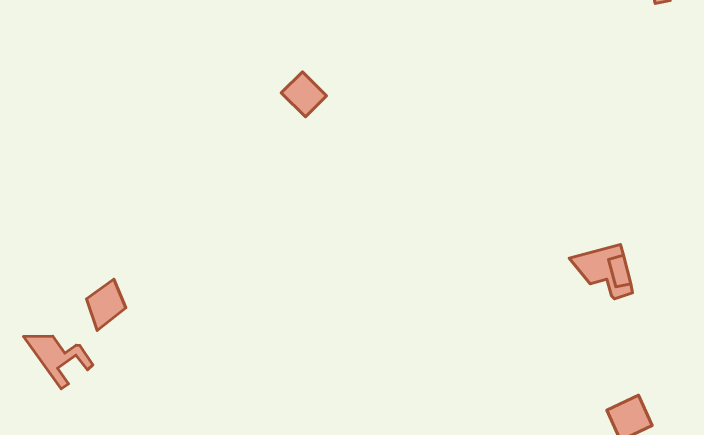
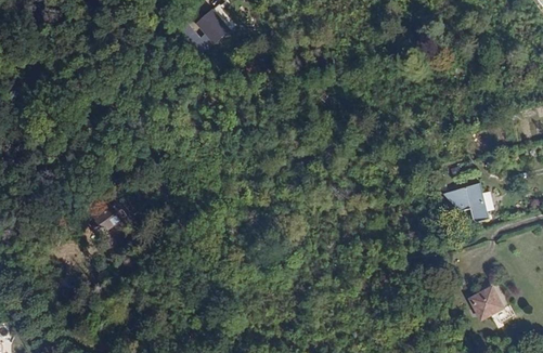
building: [281,72,327,117] -> [193,13,225,45]
building: [23,336,93,389] -> none

